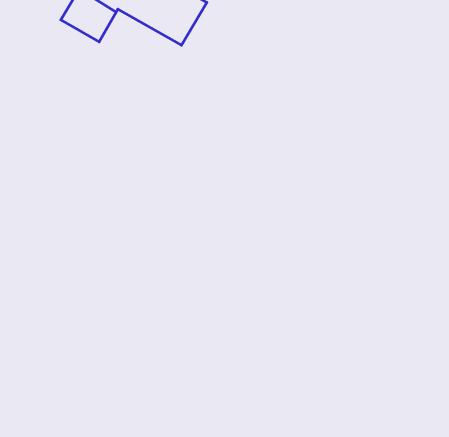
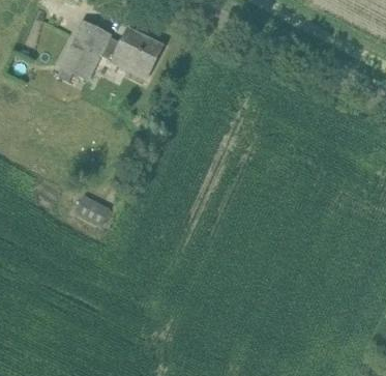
building: none -> [72,192,111,226]

